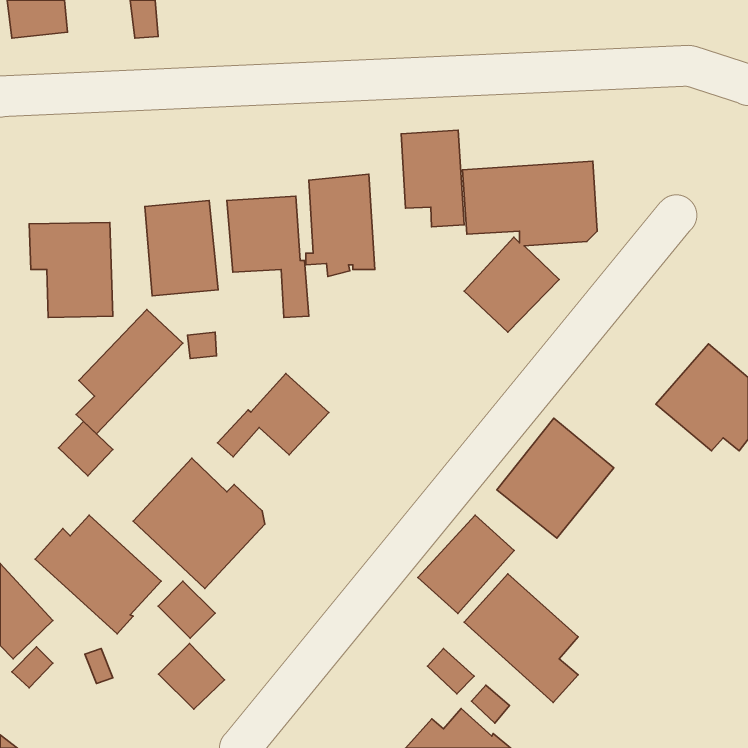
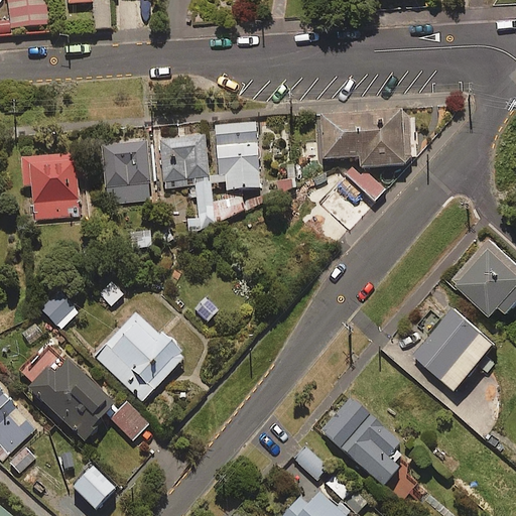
building: [401,130,464,227] -> none
building: [76,309,183,434] -> none
building: [217,374,329,457] -> none
building: [497,418,614,538] -> [414,306,495,389]
building: [418,515,514,614] -> none
building: [159,643,225,709] -> [70,466,115,511]

